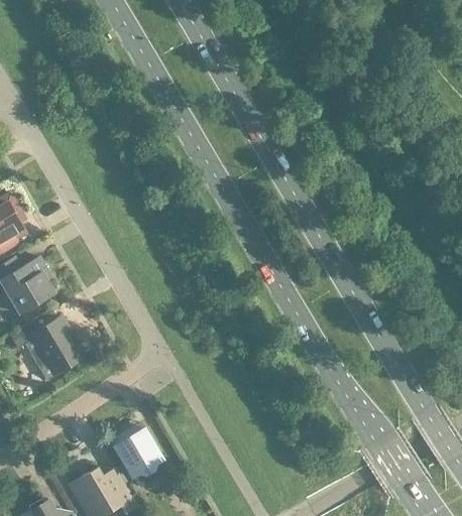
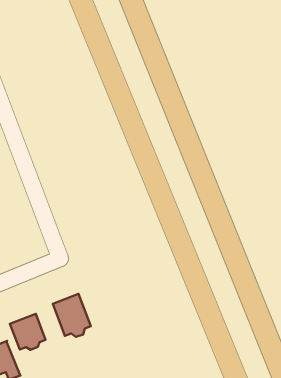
building: none -> [53,294,91,337]

